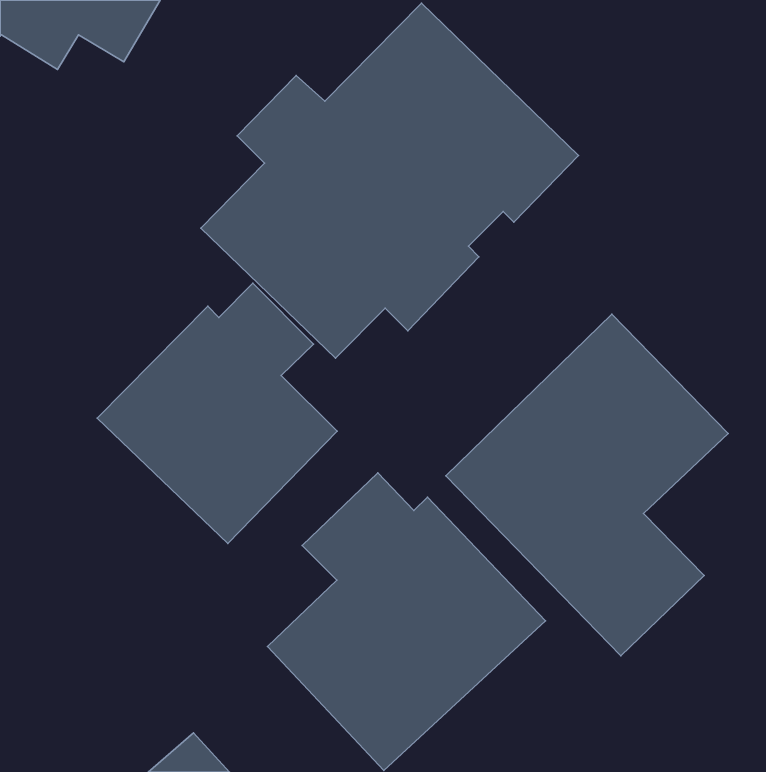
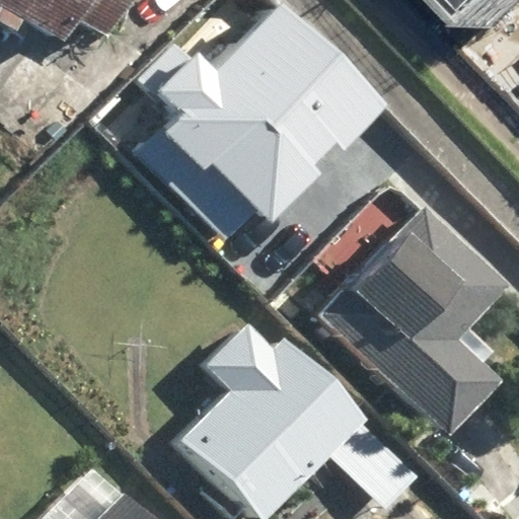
building: [97,283,337,543] -> none

